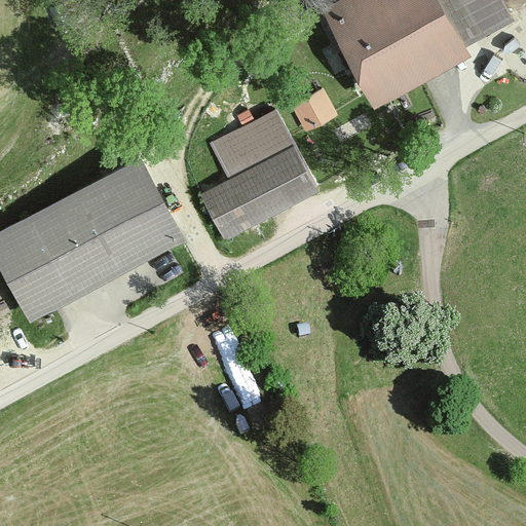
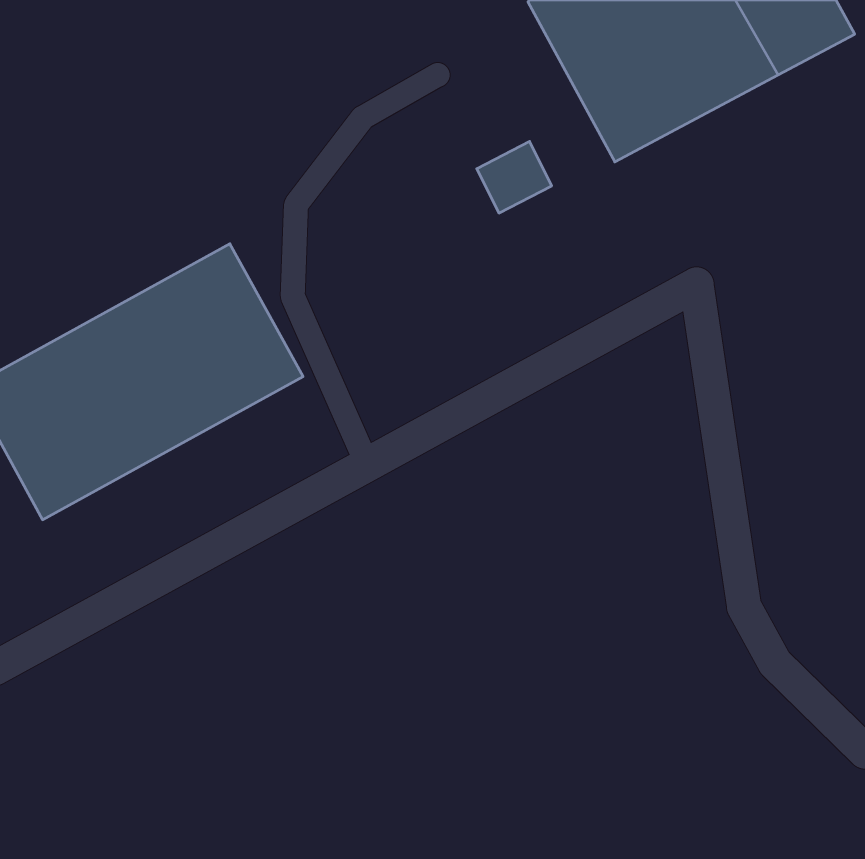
building: [202,115,321,241] -> none

